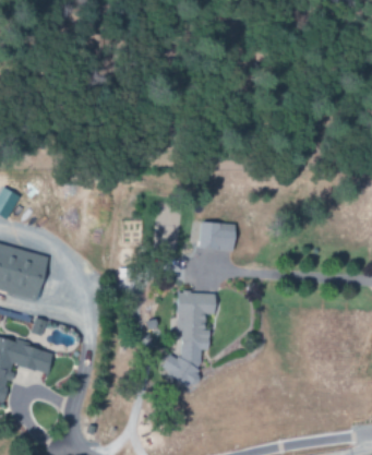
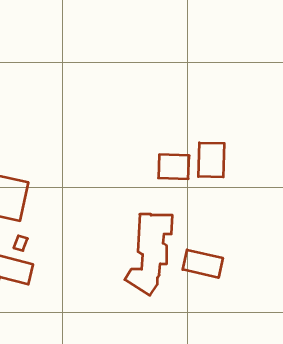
building: none -> [198,143,224,177]
building: none -> [183,250,223,278]

